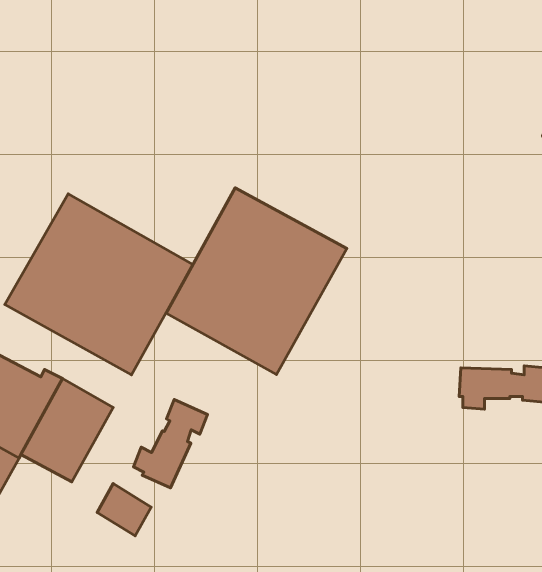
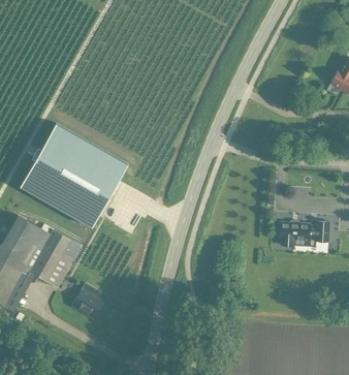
building: [166,188,347,375] -> none
building: [133,399,208,488] -> none

